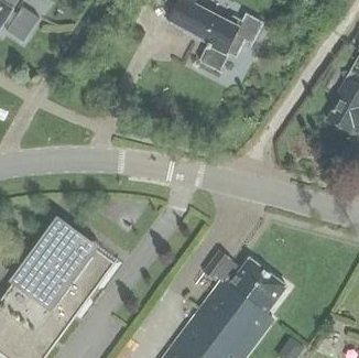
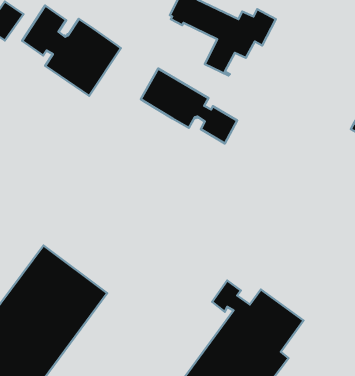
building: none -> [22,6,121,96]
building: none -> [141,69,237,143]

